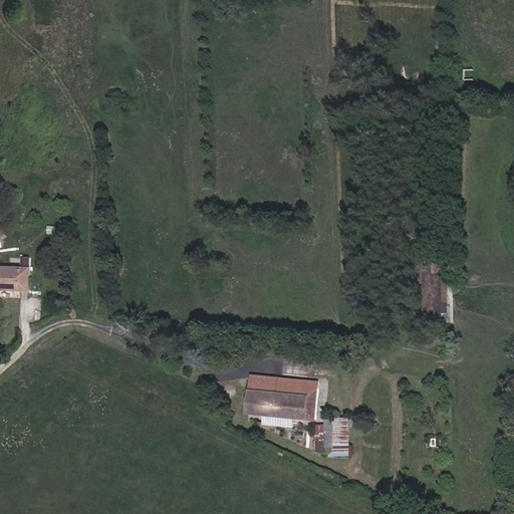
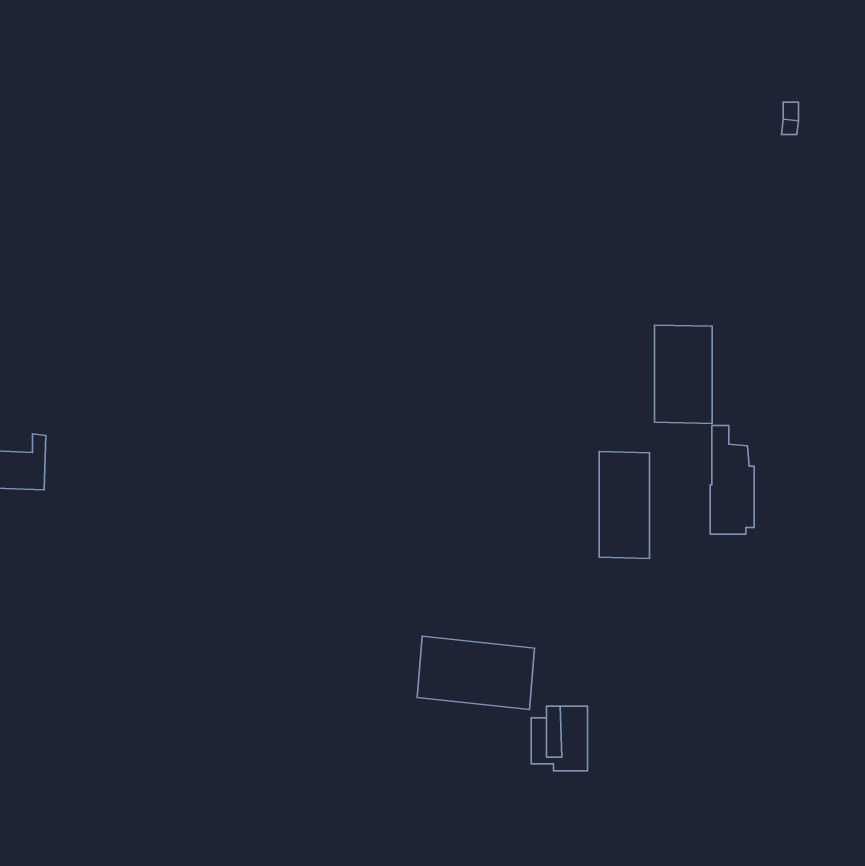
building: none -> [654,325,712,423]
building: none -> [599,451,650,559]

